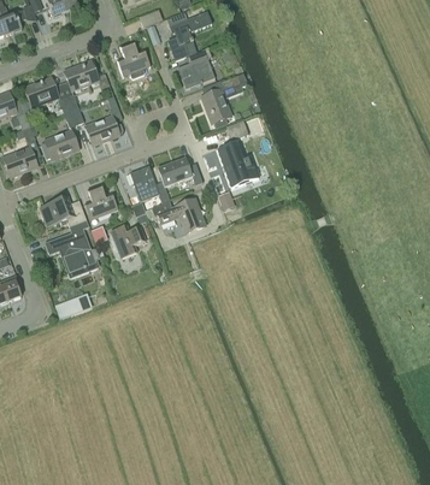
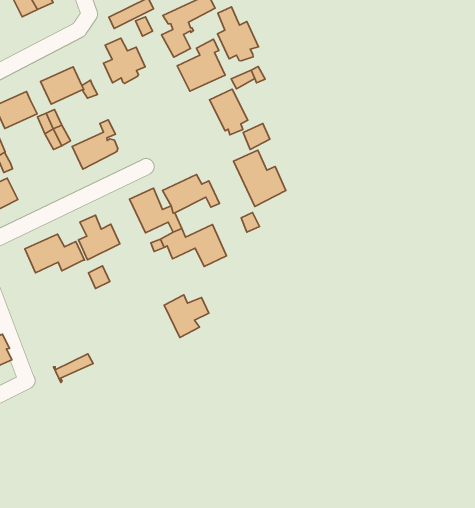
building: none -> [217,7,259,61]
building: [41,130,78,159] -> none
building: [45,219,96,271] -> none
building: [110,223,146,258] -> [164,295,209,338]

